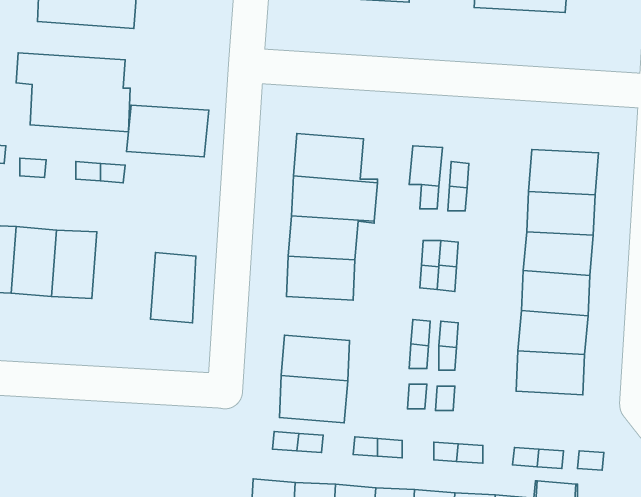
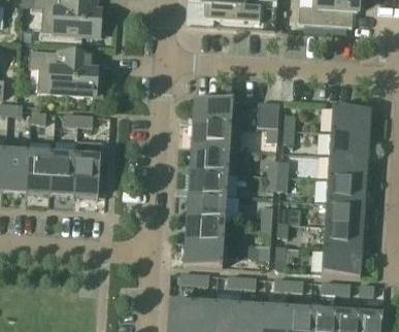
building: [127,105,209,157] -> none
building: [150,253,196,323] -> [73,155,100,196]
building: none -> [187,193,227,219]
building: none -> [321,248,362,275]

